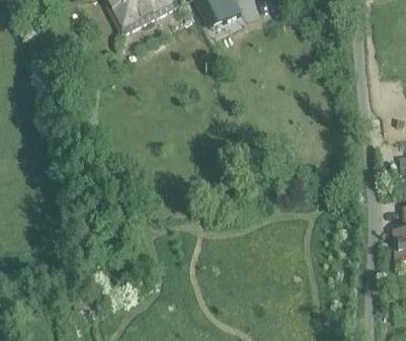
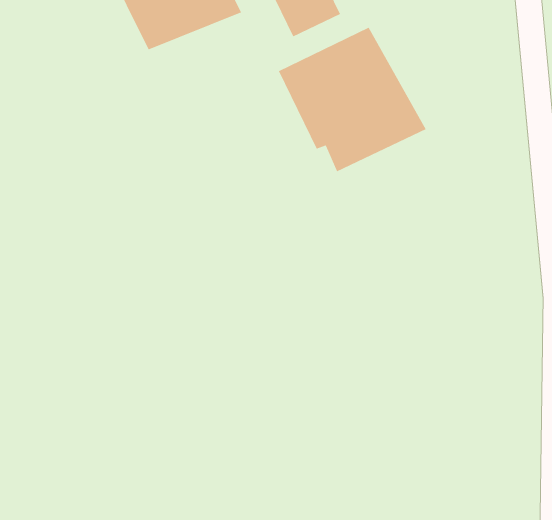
building: none -> [278,27,427,172]

